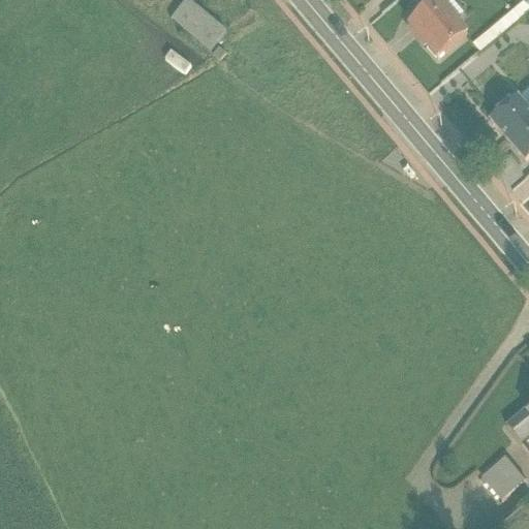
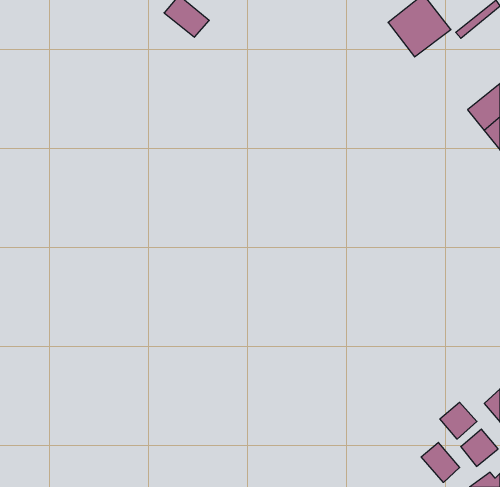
building: none -> [440,402,477,439]
building: none -> [421,442,460,482]

